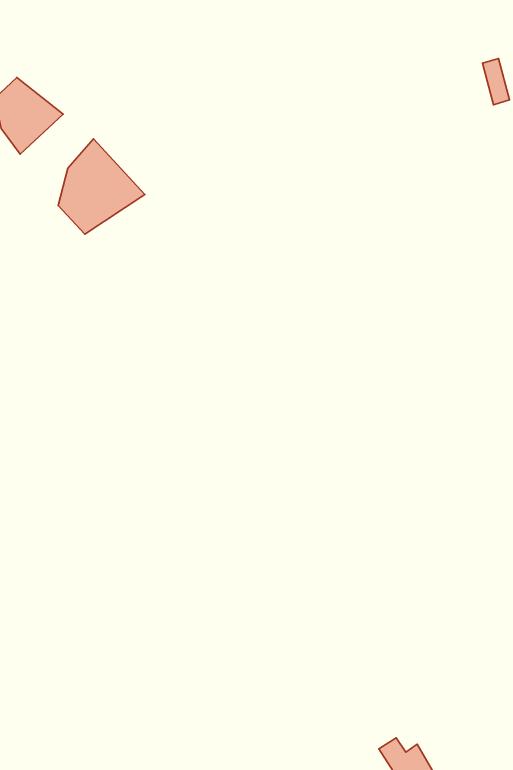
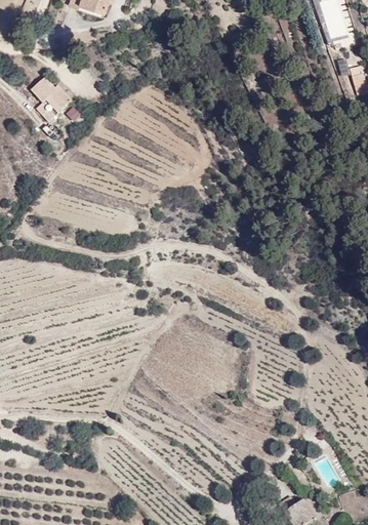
building: [58,139,145,234] -> none

